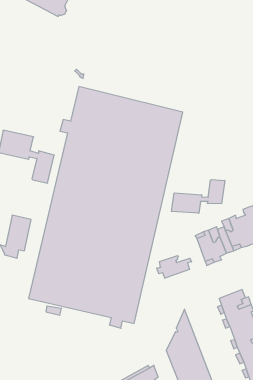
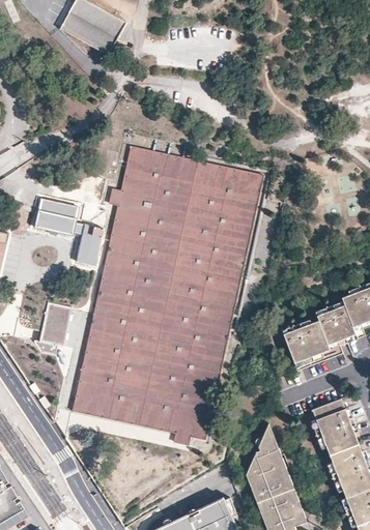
building: [171,180,225,213] -> none
building: [157,256,191,278] -> none

